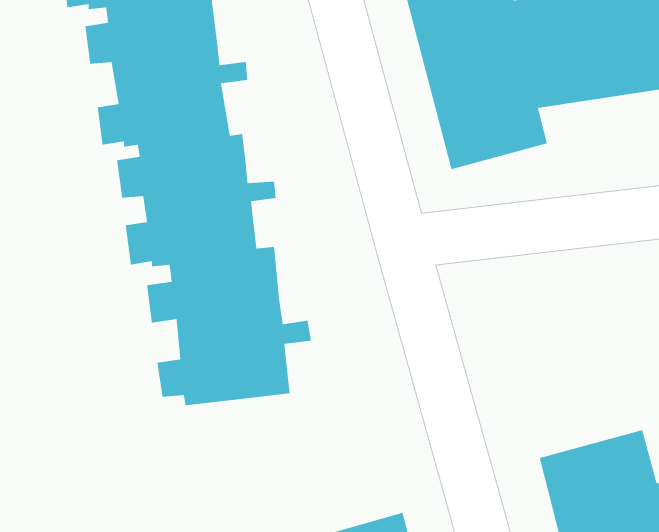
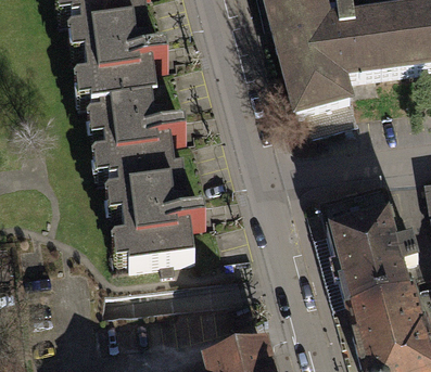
building: none -> [321,183,417,302]

